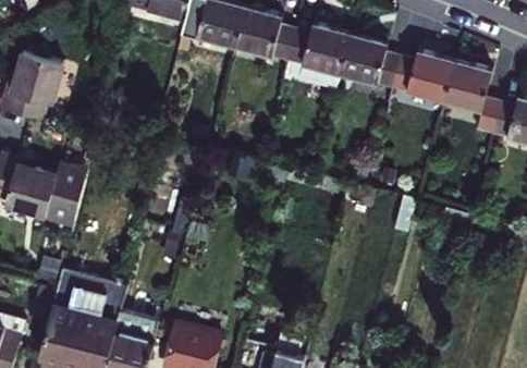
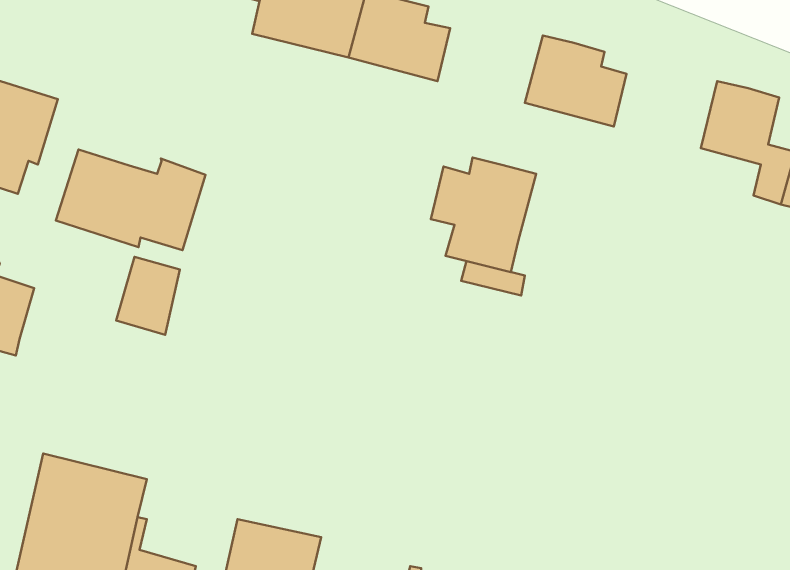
building: [292,23,355,91] -> [431,158,536,272]
building: [397,49,459,100] -> none
building: none -> [56,150,205,250]
building: [41,176,79,223] -> [116,257,180,335]

